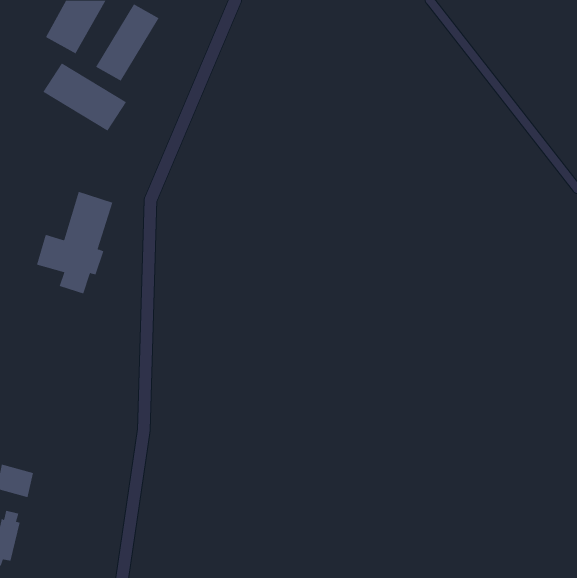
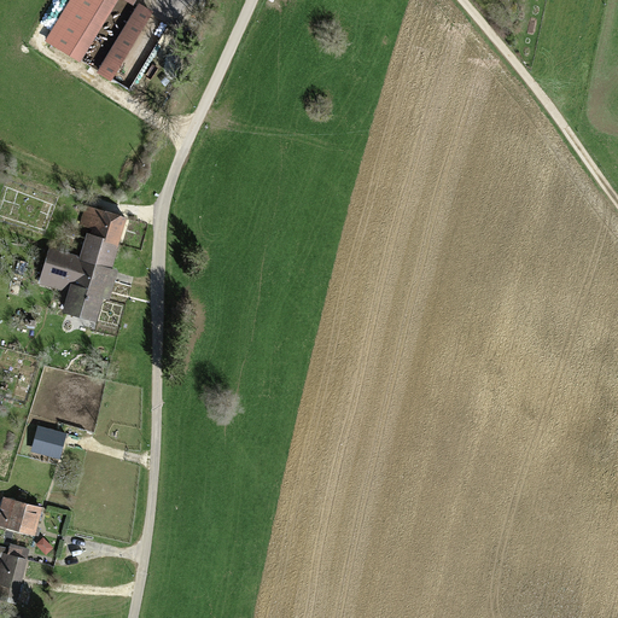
building: [43,62,127,131] -> none
building: none -> [34,428,64,455]

